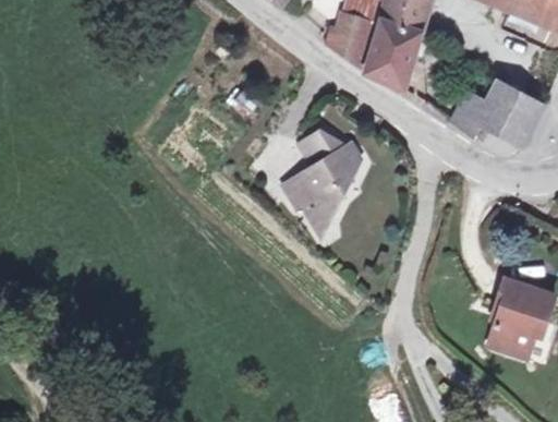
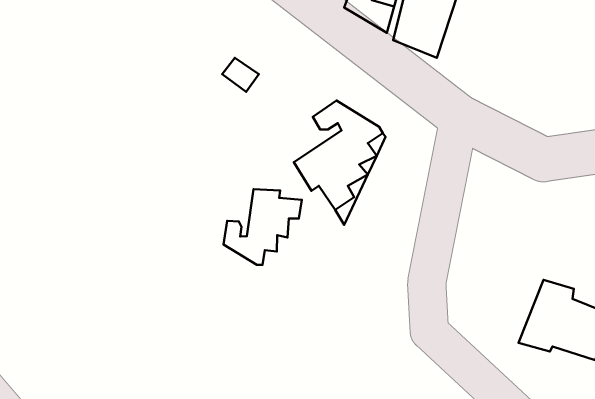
building: [447,83,537,145] -> none
building: none -> [224,189,302,265]

